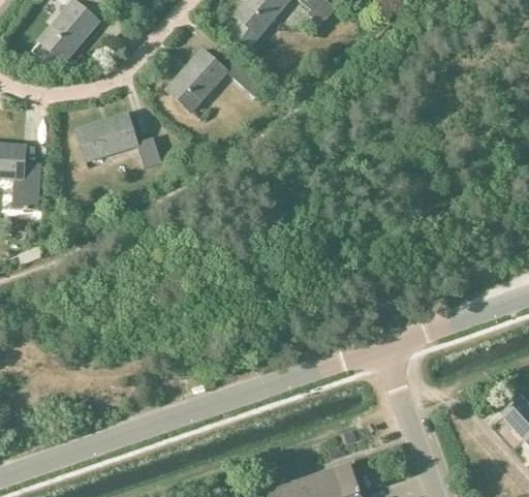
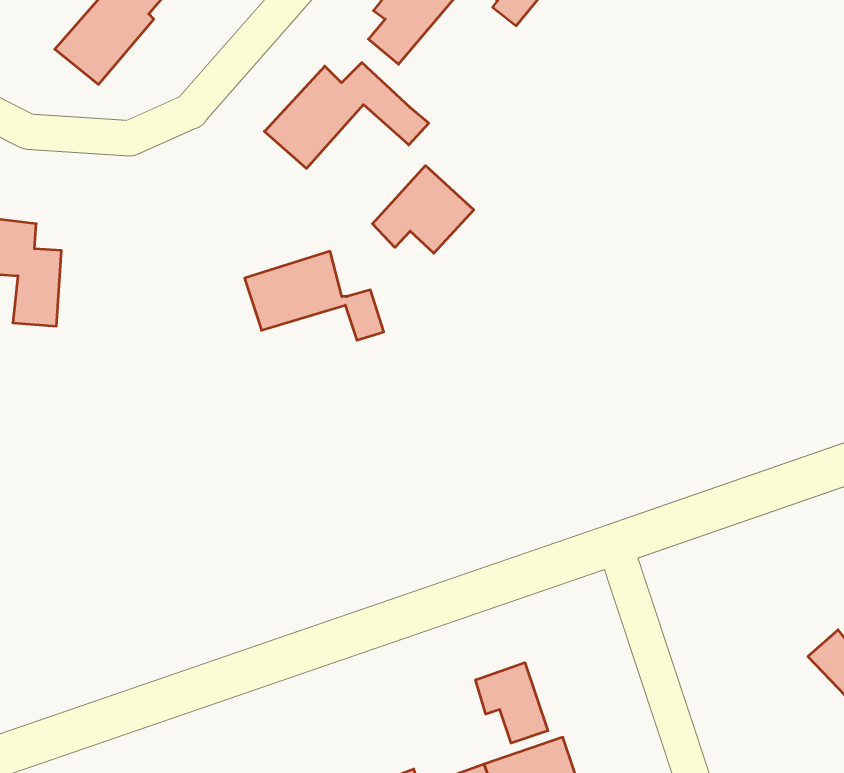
building: none -> [372,166,474,253]
building: [75,113,161,167] -> [245,251,384,340]
building: none -> [476,663,548,743]

